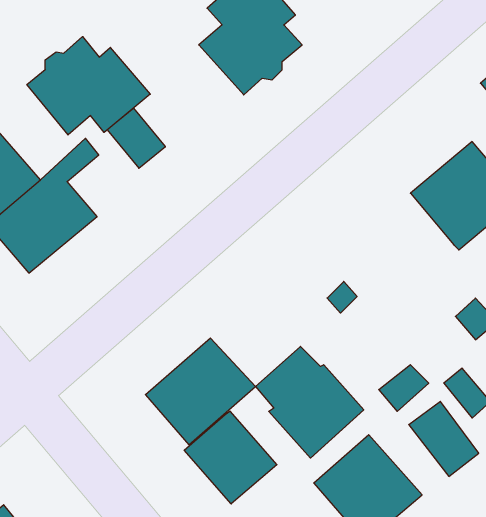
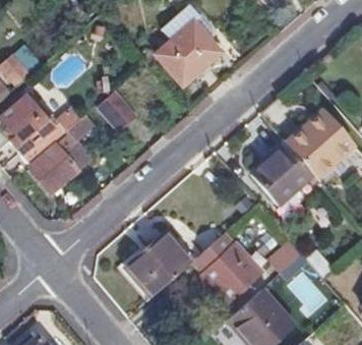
building: [27,37,150,135] -> none
building: none -> [249,143,312,206]
building: [184,411,277,504] -> none

